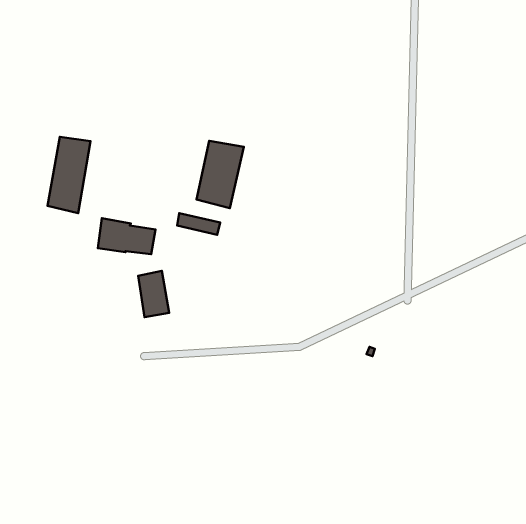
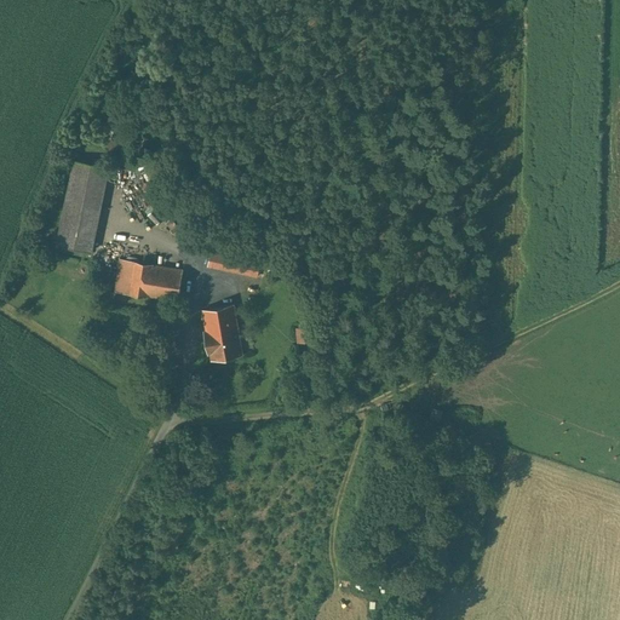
building: [196,141,244,208] -> none
building: [138,271,169,317] -> [205,306,241,361]

